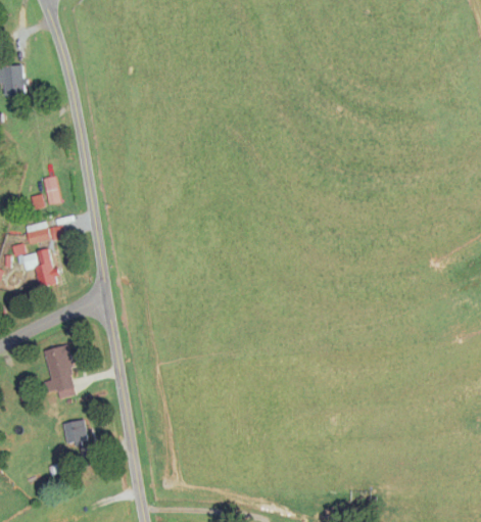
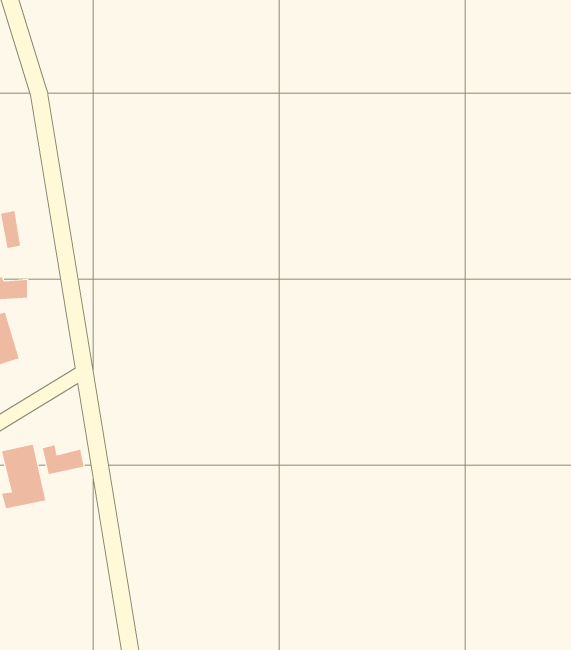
building: none -> [42,444,84,475]
building: [63,419,89,448] -> none

